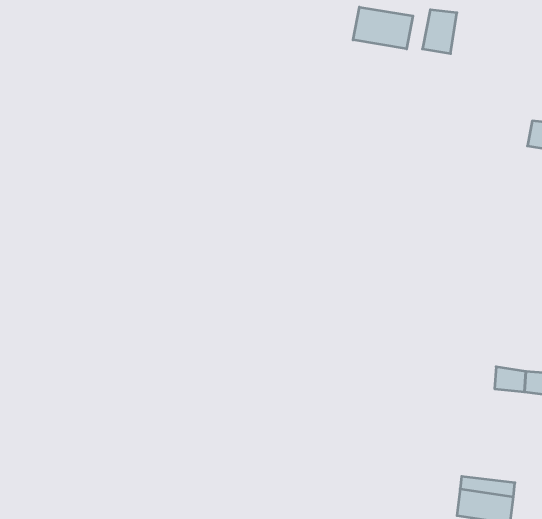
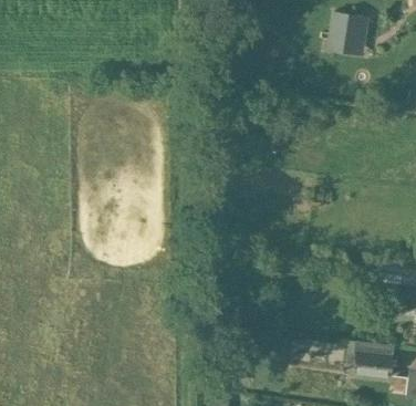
building: [353,7,413,49] -> none

